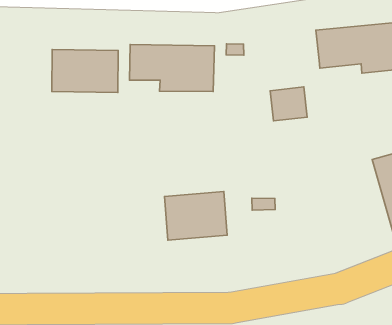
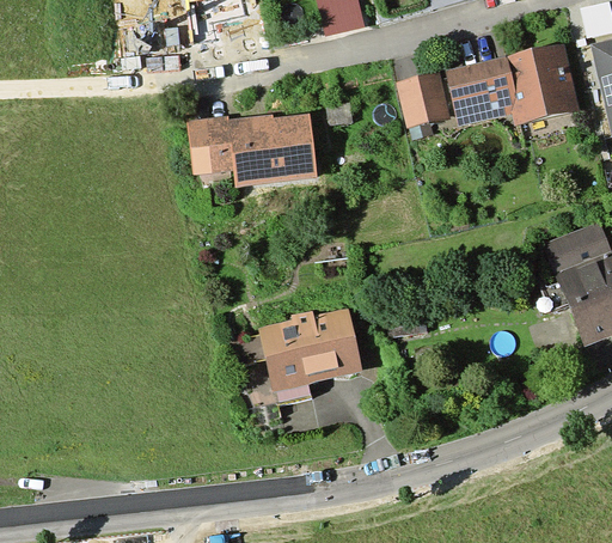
building: [52,50,118,93] -> none
building: [270,87,307,121] -> [402,72,458,124]

